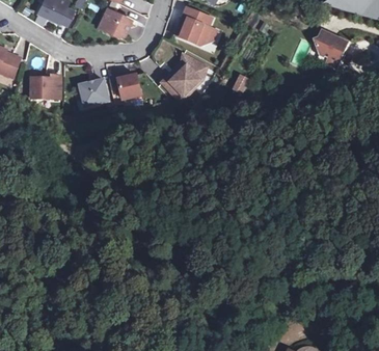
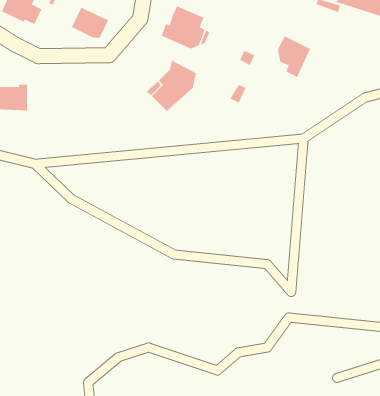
building: [315,30,344,66] -> [277,35,311,78]
building: [119,74,142,98] -> none
building: [81,79,110,105] -> none

